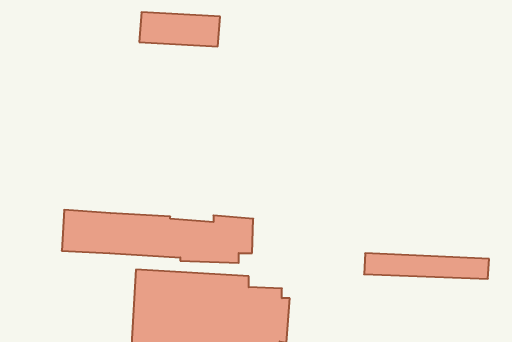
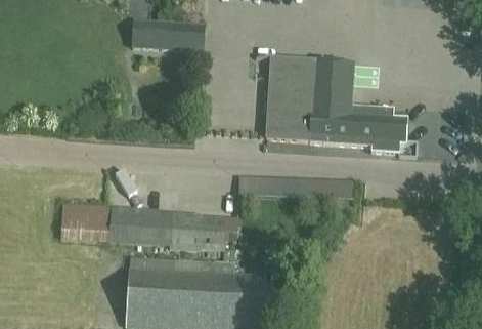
building: none -> [265,56,407,153]
building: [364,253,489,279] -> [237,174,353,198]

